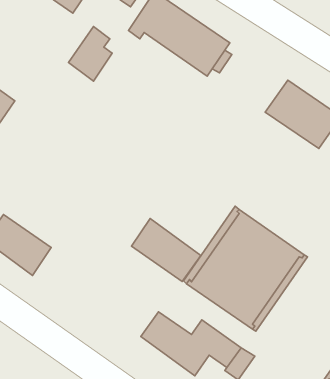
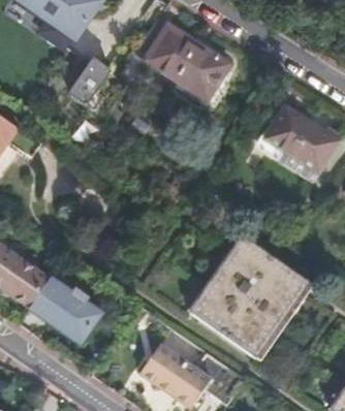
building: [132,218,201,281] -> [34,277,103,340]

